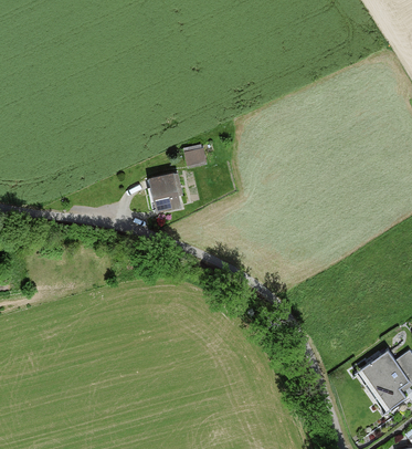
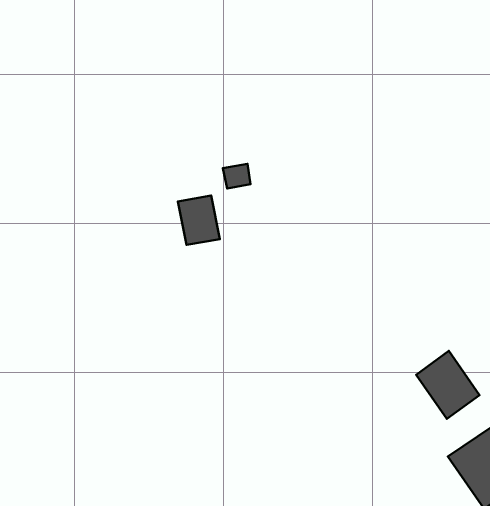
building: none -> [416,351,479,419]

